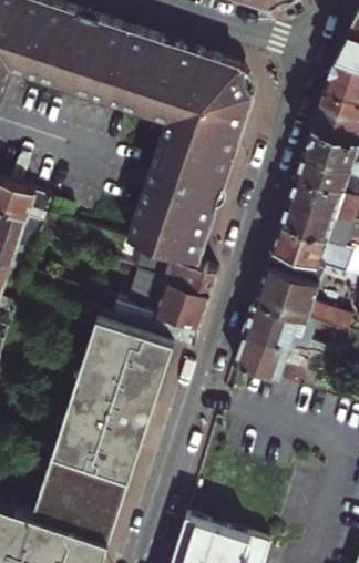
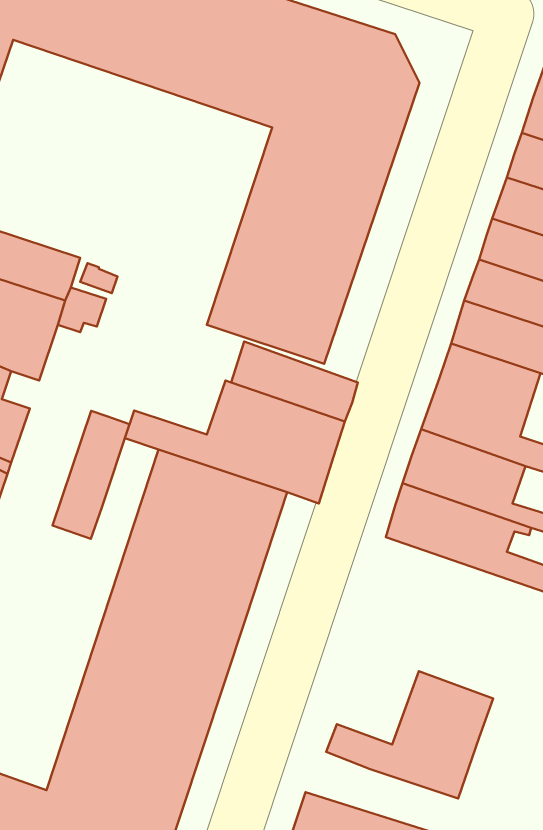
building: none -> [52,411,130,539]
building: none -> [326,671,493,799]

